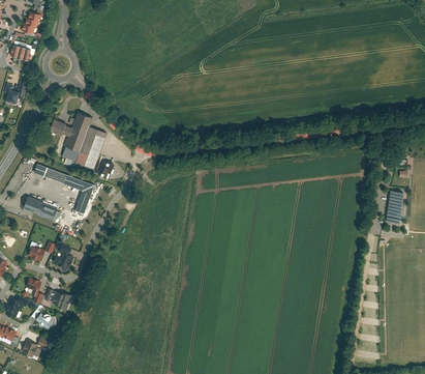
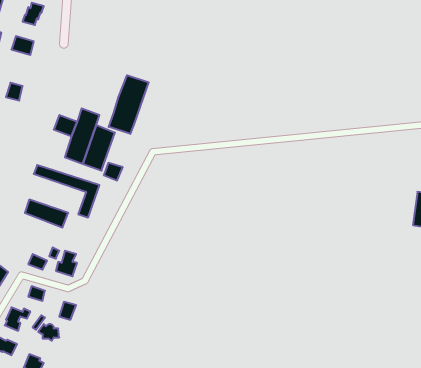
building: none -> [109,75,149,134]

